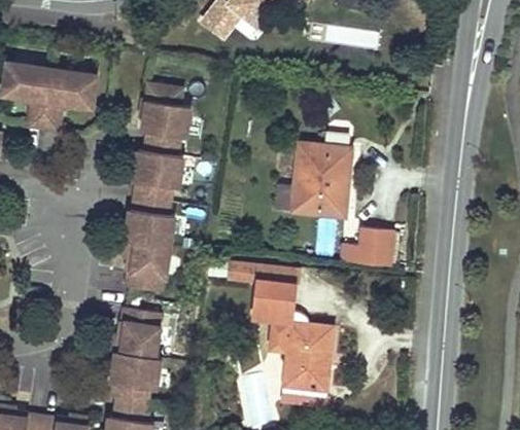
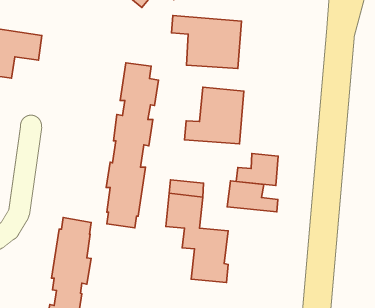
building: none -> [172,16,242,69]
building: [124,85,189,292] -> [106,63,159,228]
building: none -> [227,181,278,212]

